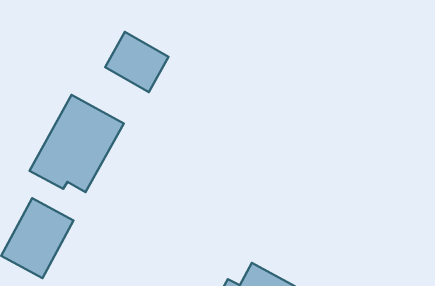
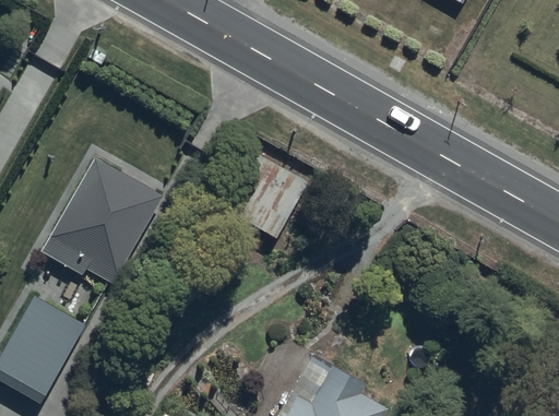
building: [105,32,169,92] -> [227,153,308,229]

